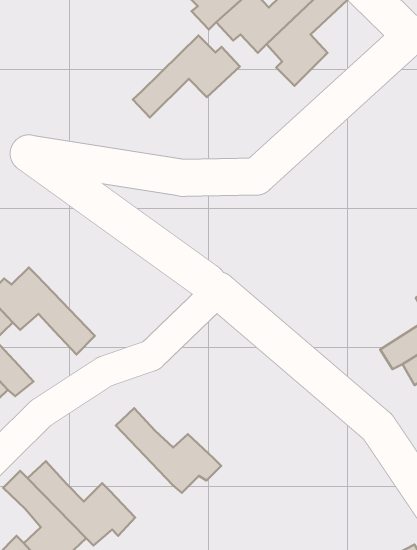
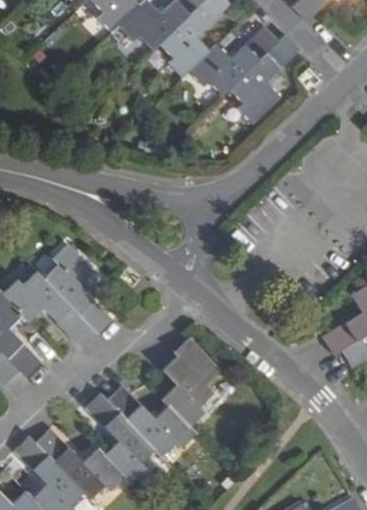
building: [133,36,240,118] -> none
building: none -> [42,245,108,333]
building: none -> [159,338,216,427]
building: none -> [86,393,154,481]

